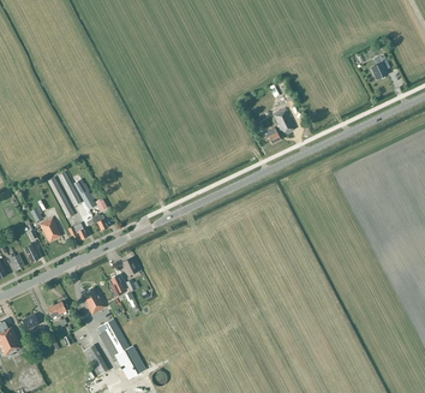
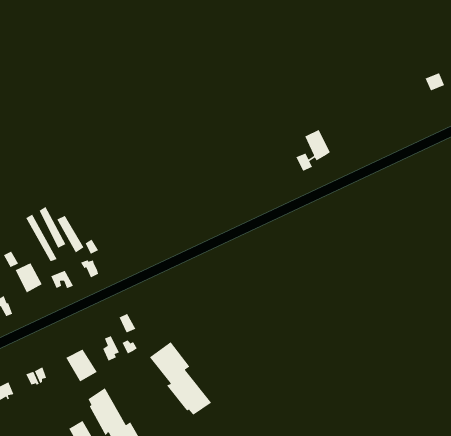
building: none -> [149,341,212,415]

